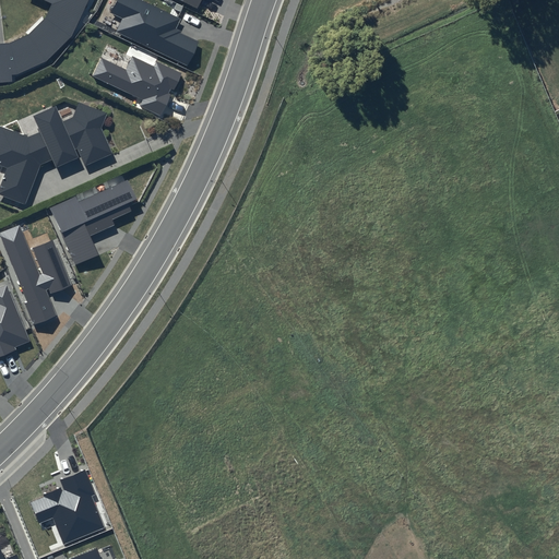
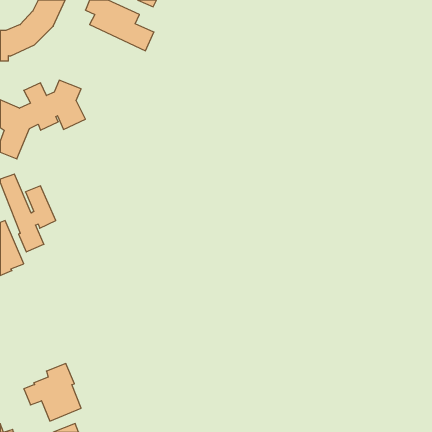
building: [92,56,180,116] -> none
building: [49,180,136,265] -> none

